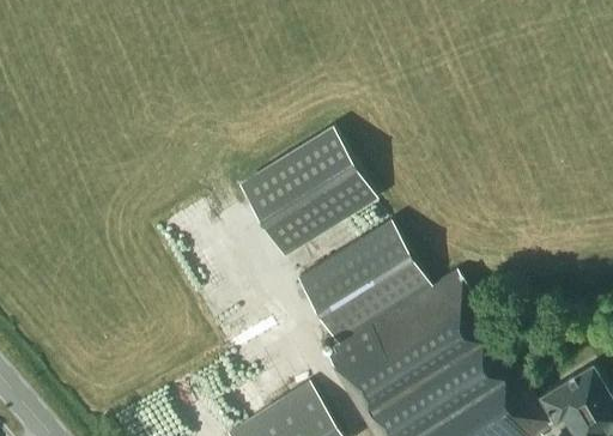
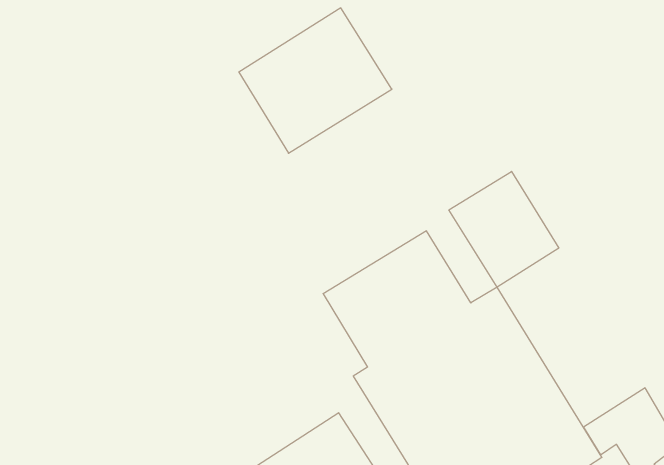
building: [237,125,377,258] -> [239,8,392,153]
building: none -> [449,171,559,287]

